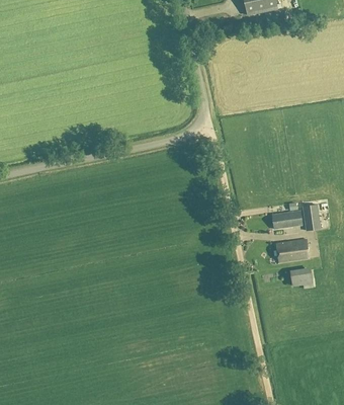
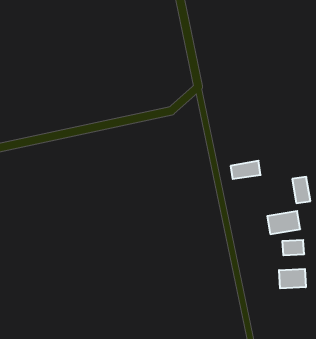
building: [272,211,303,229] -> [231,161,261,179]
building: none -> [279,269,306,288]

